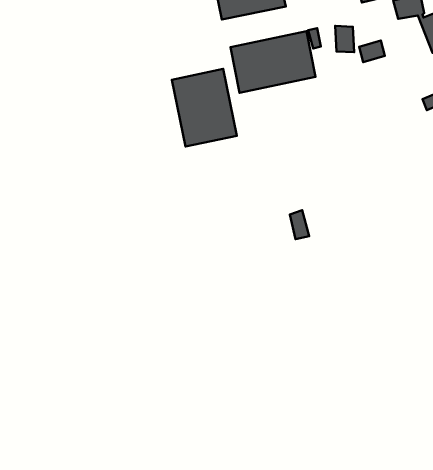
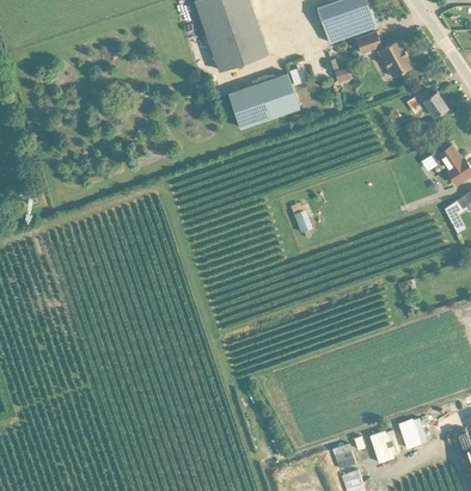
building: [172,69,237,147] -> none

